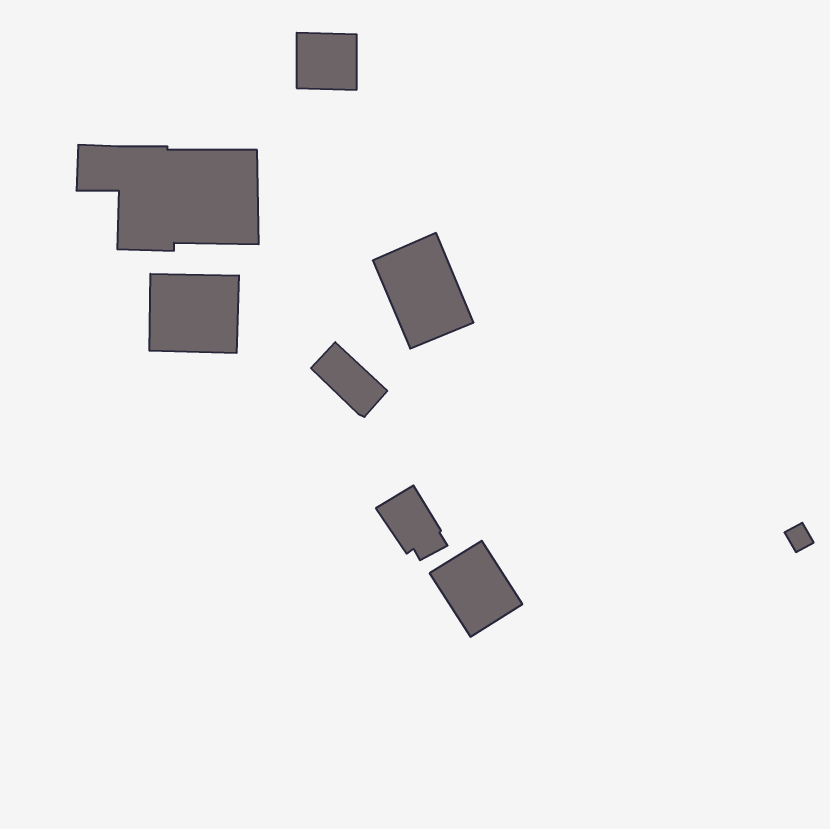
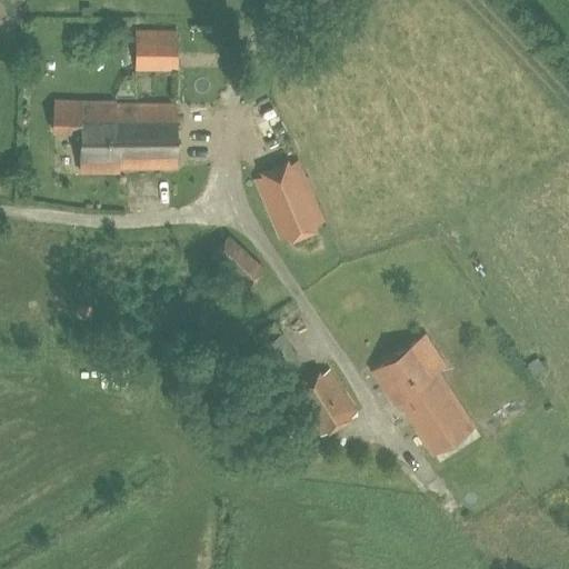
building: [297,33,357,90] -> [137,31,178,70]
building: [149,274,239,353] -> none
building: none -> [373,336,475,453]

